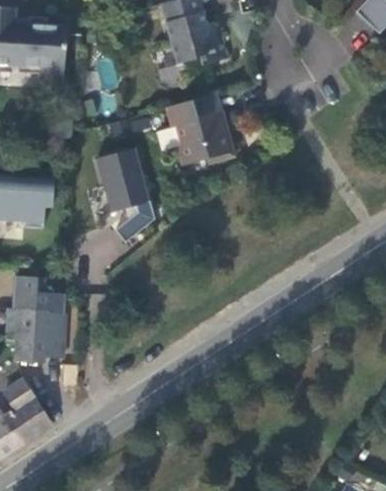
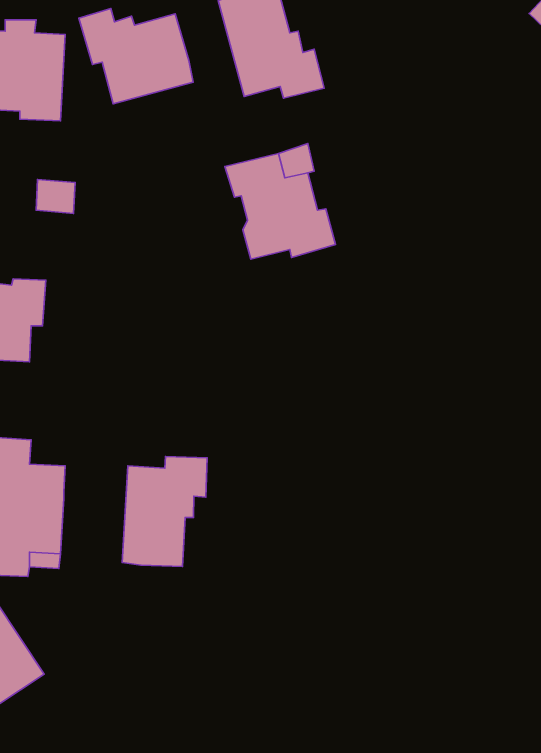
building: none -> [79,8,193,104]
building: [96,147,154,241] -> none
building: none -> [122,457,207,567]

